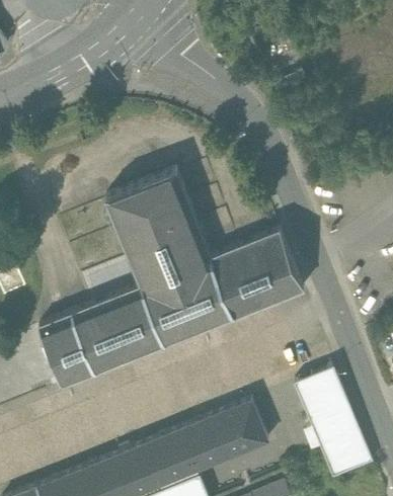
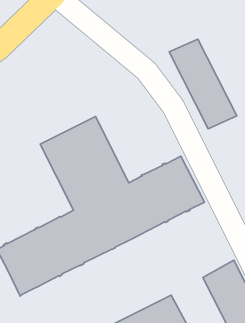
building: none -> [169,39,237,129]

